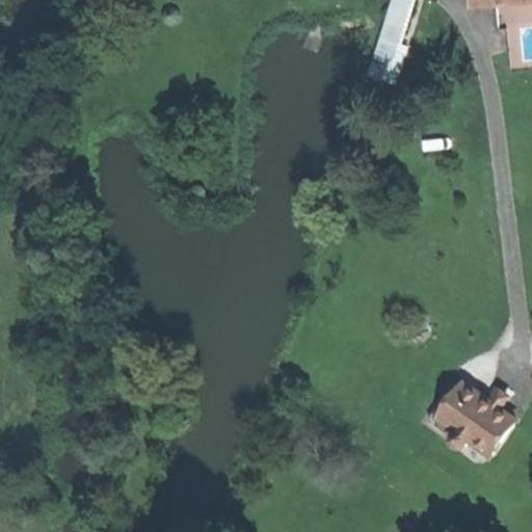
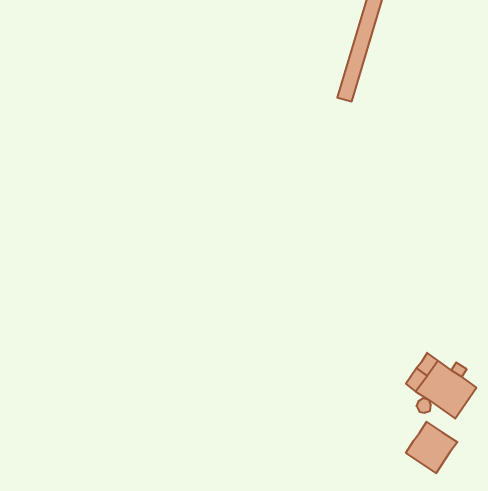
building: none -> [406,422,457,473]

